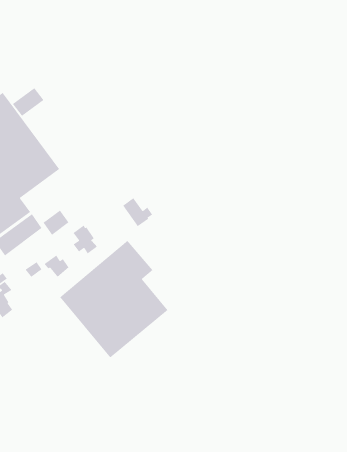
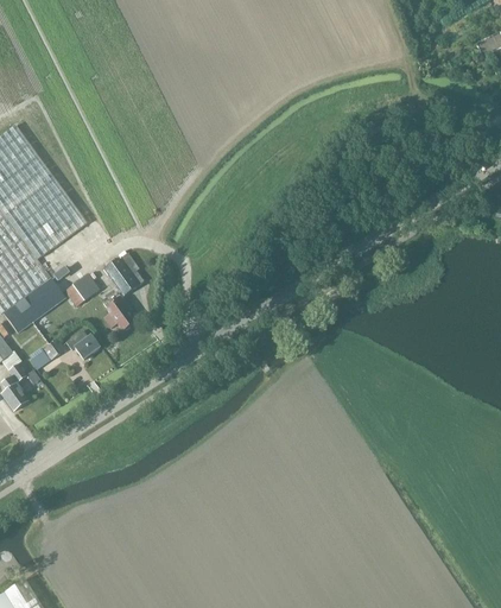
building: [12,87,44,117] -> none
building: [122,197,153,227] -> [103,258,142,296]
building: [59,240,169,358] -> none

